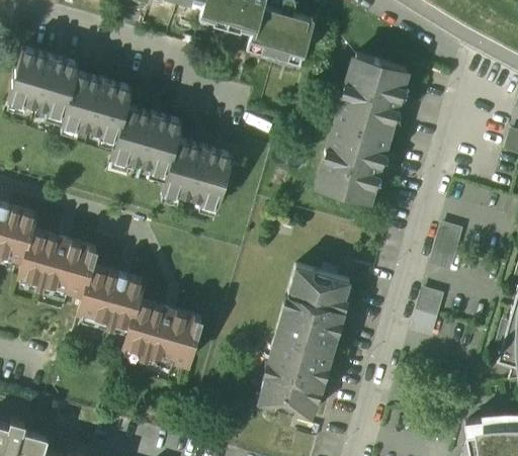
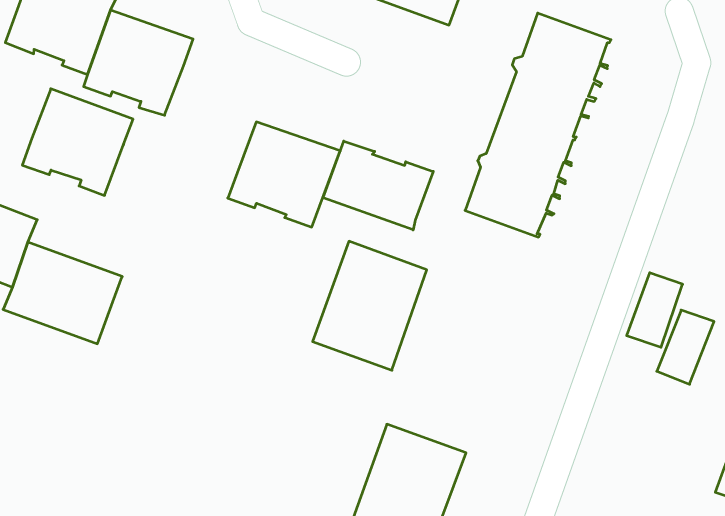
building: [111,107,182,175] -> [22,89,133,195]
building: none -> [323,141,433,230]
building: [78,266,201,364] -> none
building: [277,266,349,349] -> [313,241,427,370]
building: [412,287,447,336] -> [657,310,714,384]

